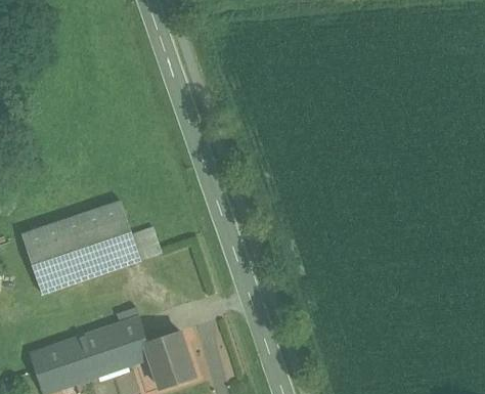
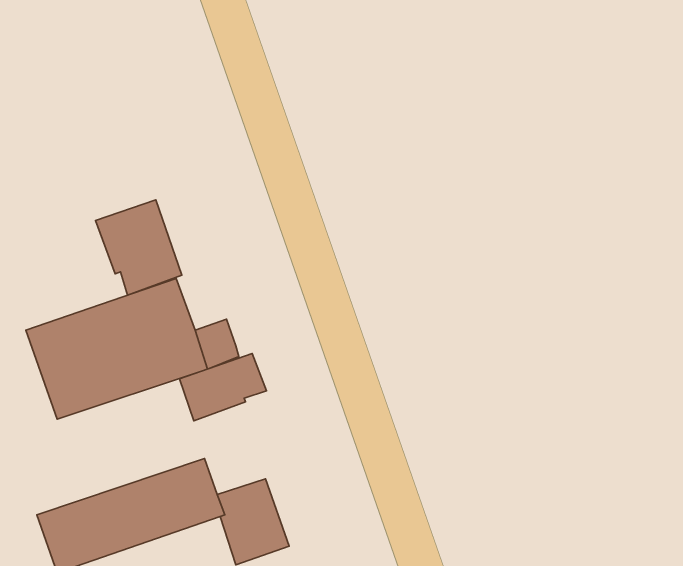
building: none -> [95,200,182,295]
building: none -> [180,354,266,421]

